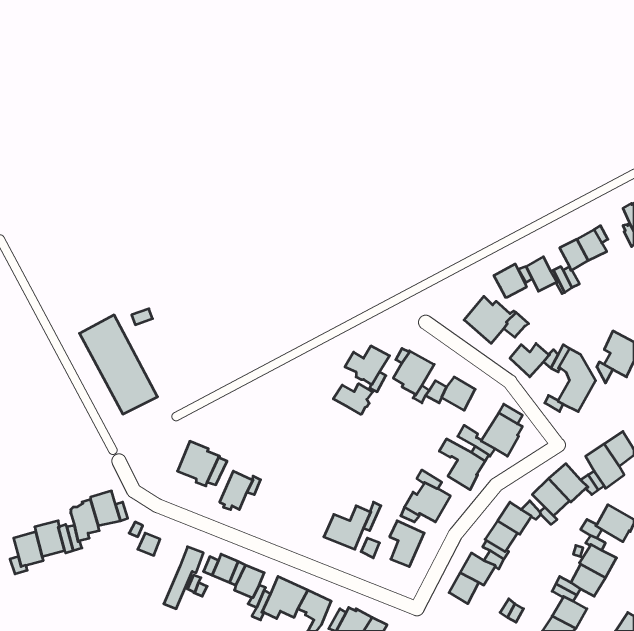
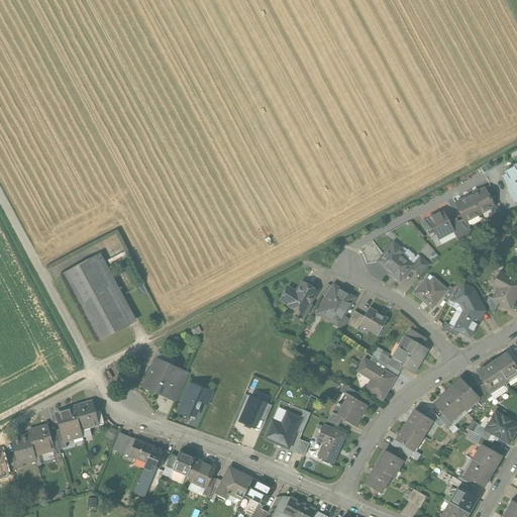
building: [494,264,526,297] -> none
building: [333,384,373,414] -> none
building: none -> [239,395,266,426]
building: none -> [128,437,153,461]

